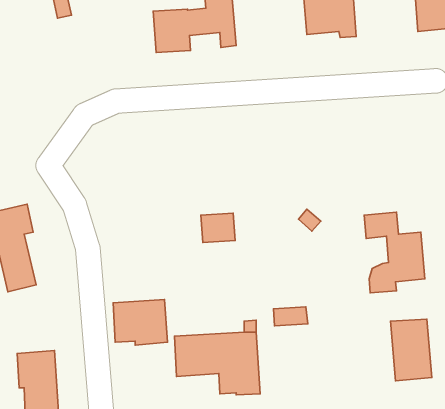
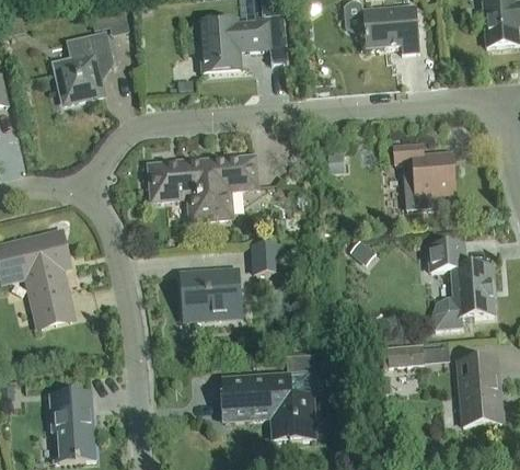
building: none -> [55,31,111,100]
building: none -> [392,142,454,209]
building: none -> [150,157,255,218]
building: [113,300,168,345] -> [181,268,240,318]
building: [274,307,308,326] -> [386,345,424,366]

